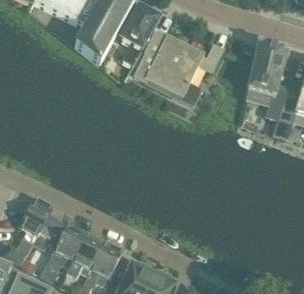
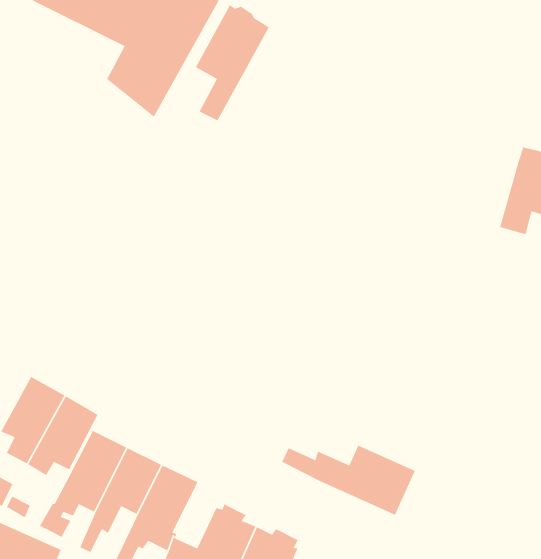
building: [132,26,224,105] -> none
building: [245,42,287,119] -> none
building: none -> [281,444,416,516]

